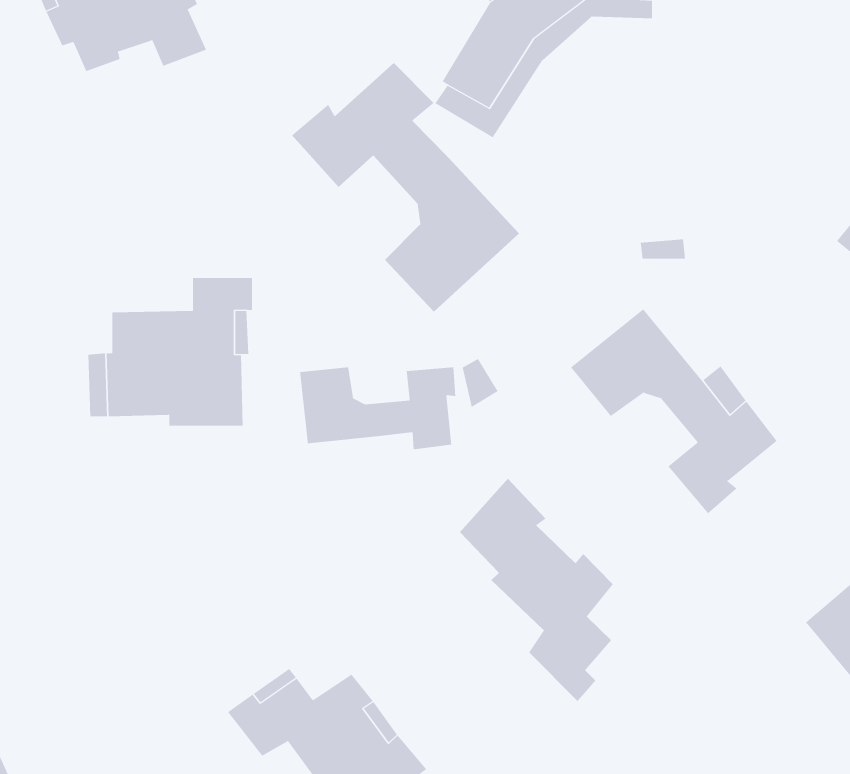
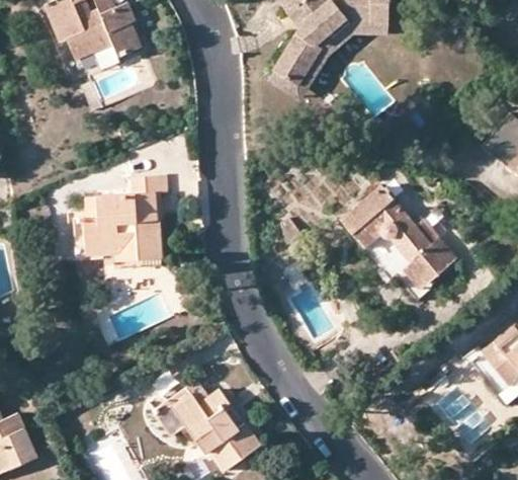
building: [291,62,520,313] -> none
building: [300,367,456,450] -> none
building: [459,478,614,702] -> none

